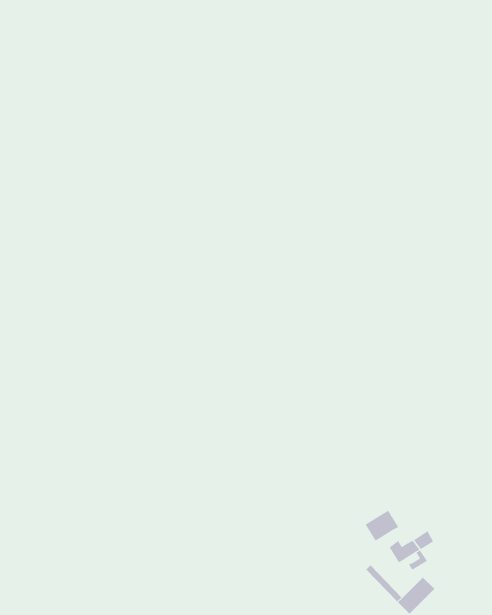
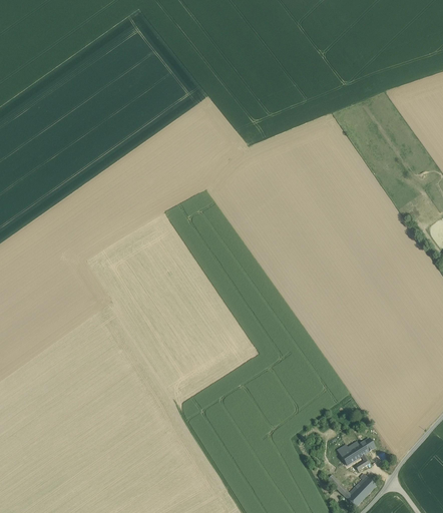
building: [365,510,399,542] -> none

